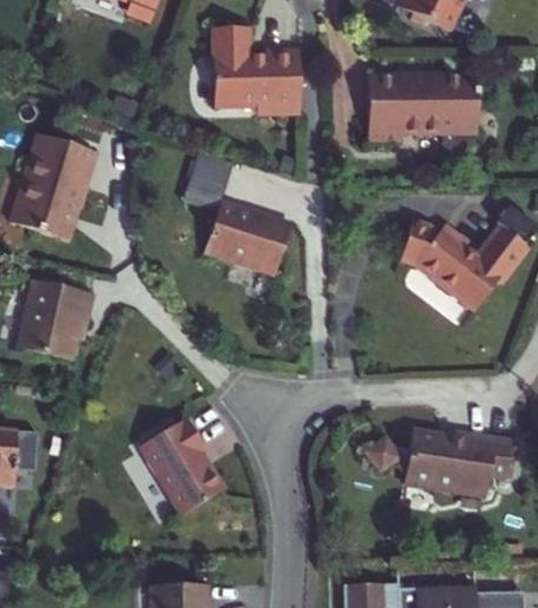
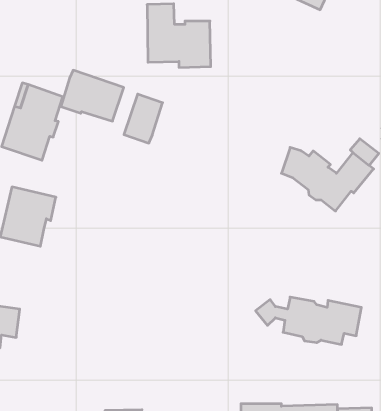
building: [366,75,475,151] -> none
building: [204,207,291,277] -> [61,70,124,121]
building: [138,418,222,514] -> none

